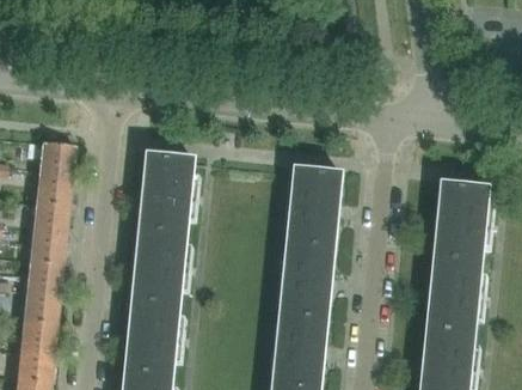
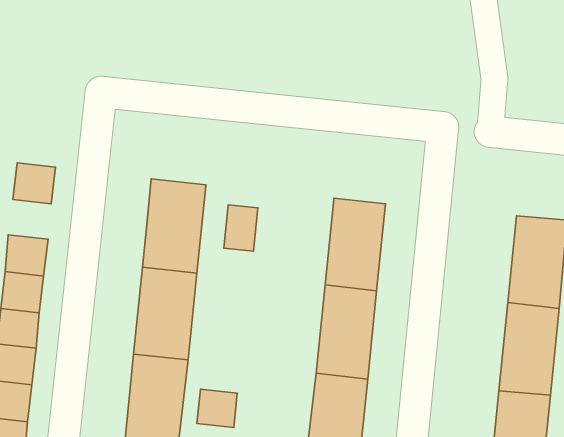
building: [35,173,69,206] -> none
building: none -> [224,205,258,251]
building: none -> [197,389,237,427]

